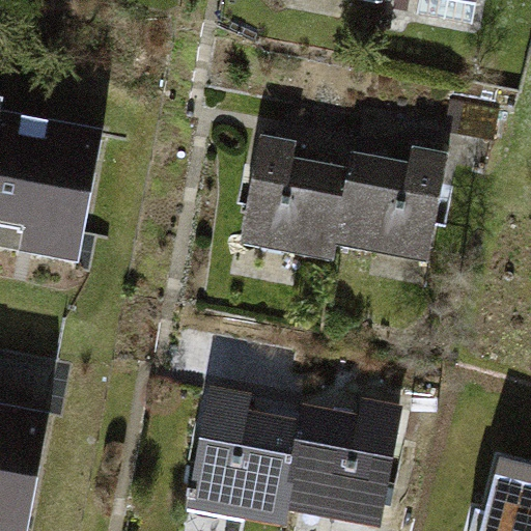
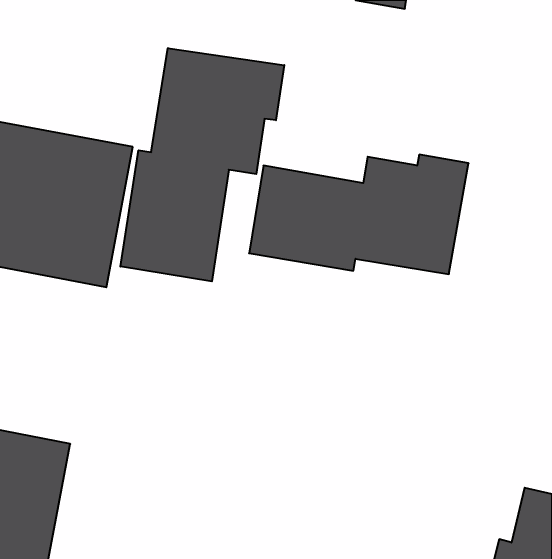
building: none -> [120,48,284,281]
building: [187,406,395,523] -> none

